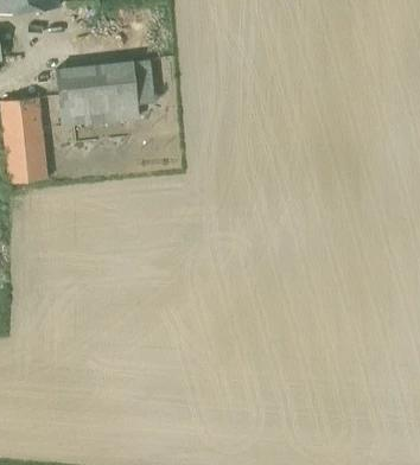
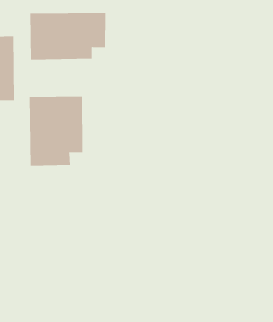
building: none -> [29,96,83,166]

